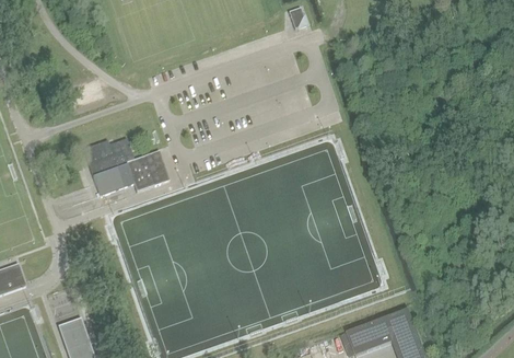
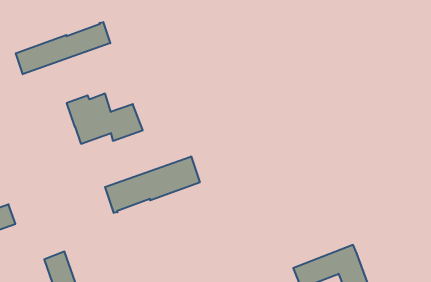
building: none -> [16,22,110,74]
building: none -> [105,156,200,213]

